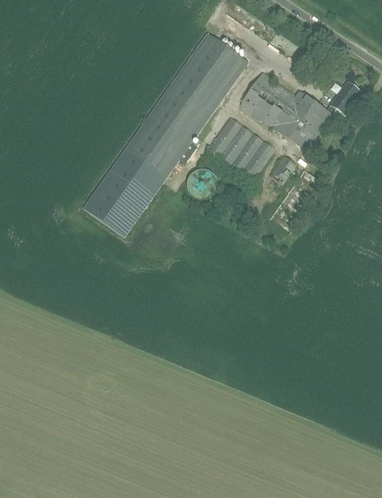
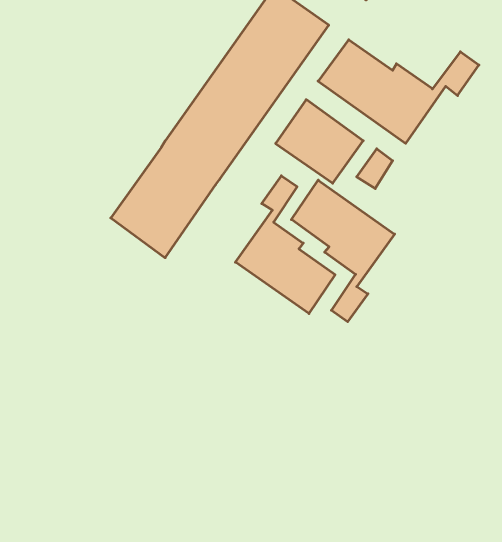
building: none -> [235,176,335,314]
building: none -> [291,180,395,322]

